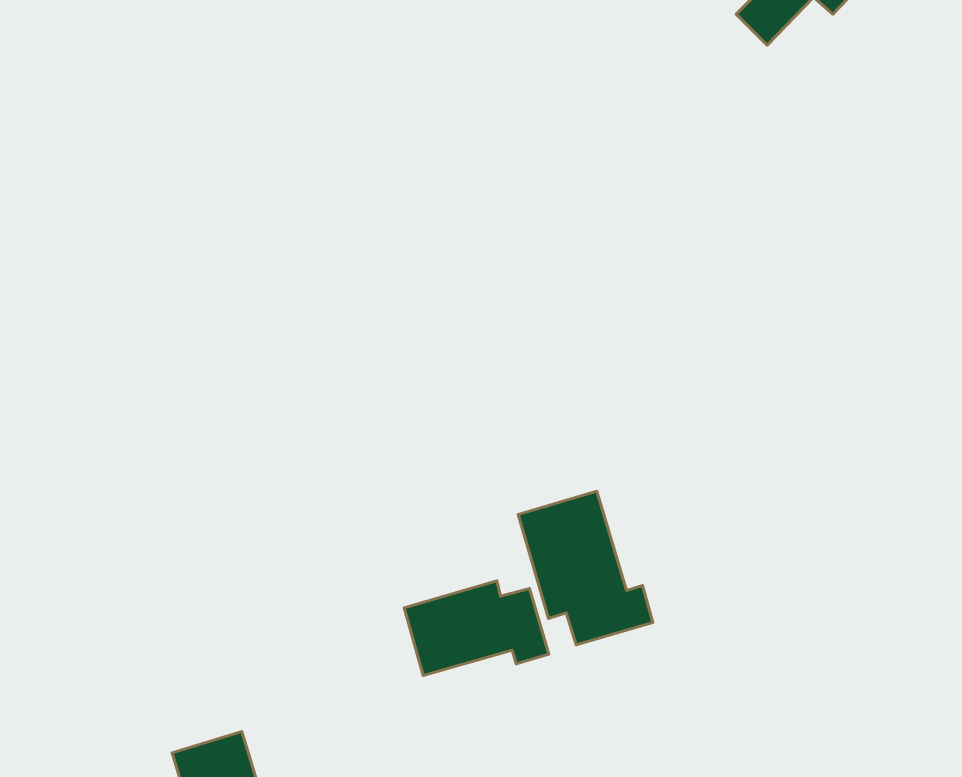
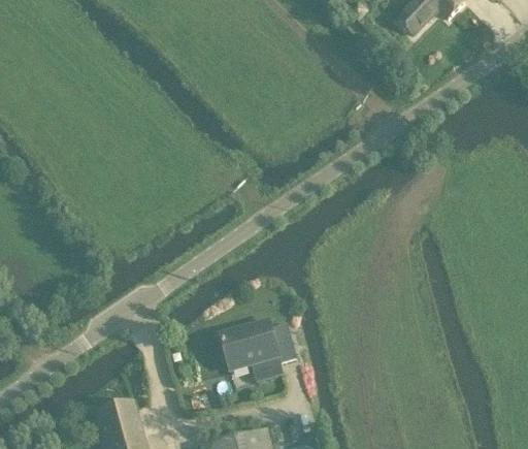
building: [518,491,653,645] -> none

